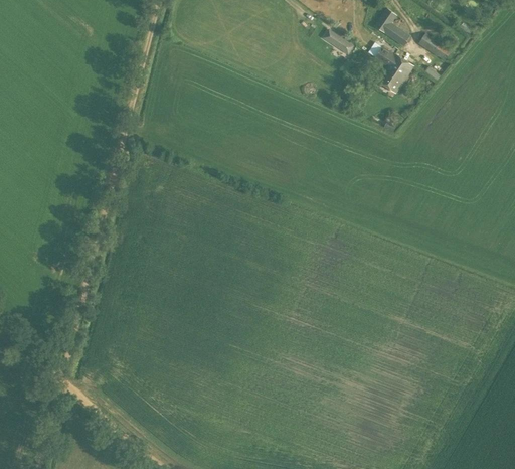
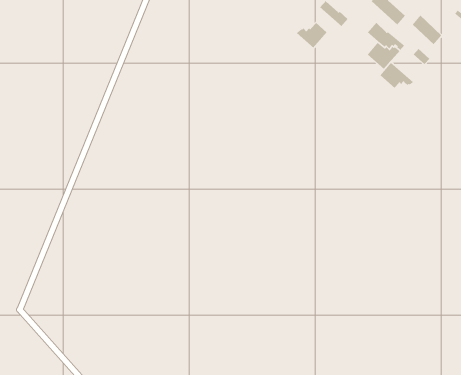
building: none -> [296,22,328,49]
building: none -> [380,62,414,88]

